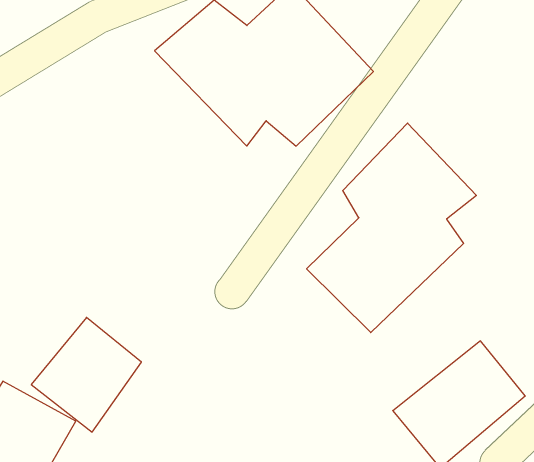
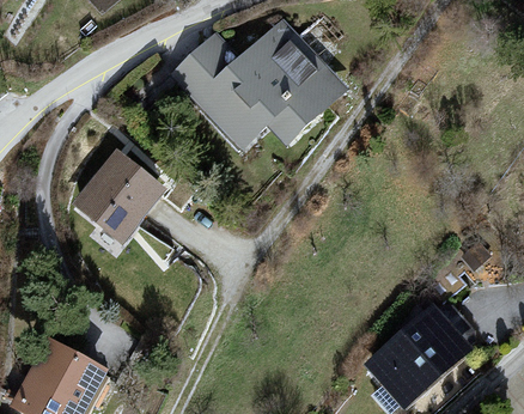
building: [307,123,476,333] -> none
building: [31,317,141,432] -> [72,153,160,245]

